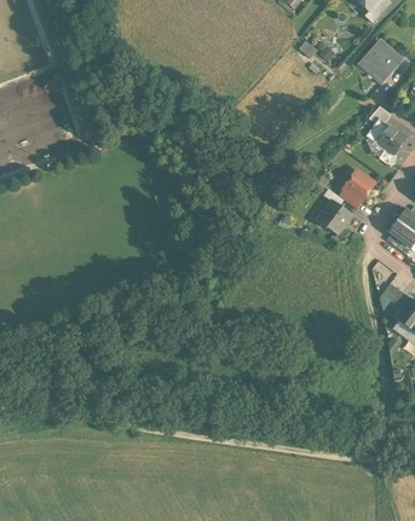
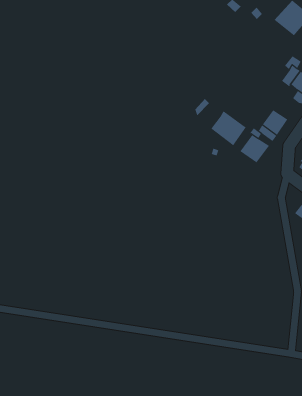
building: none -> [211,111,247,146]

